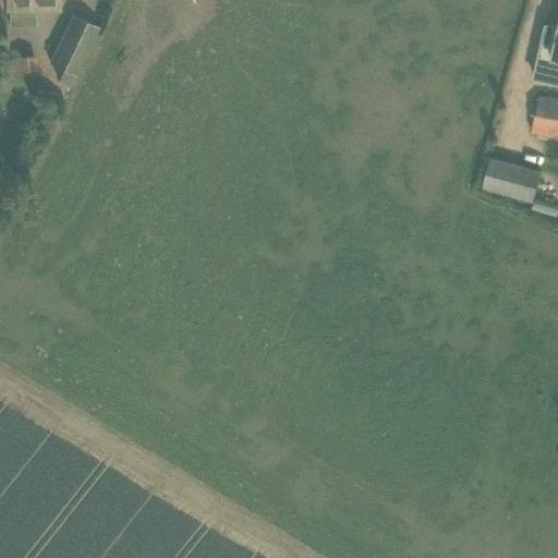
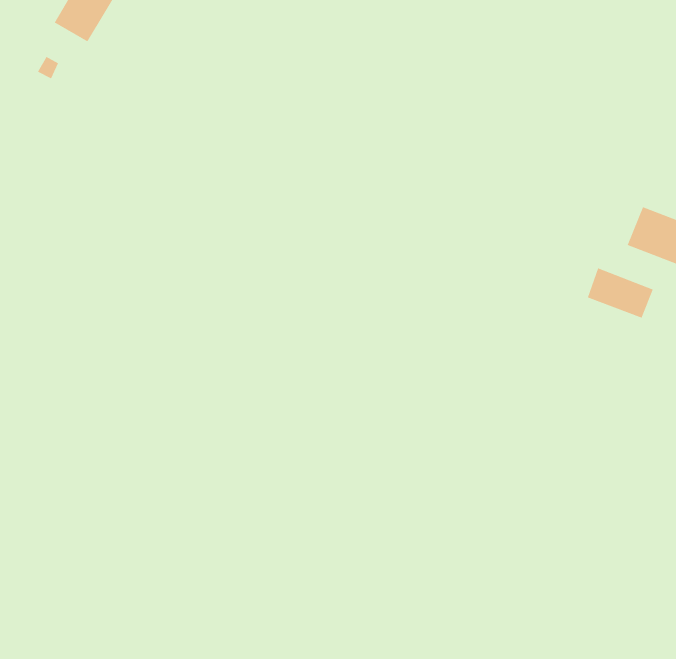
building: none -> [587,268,653,318]

